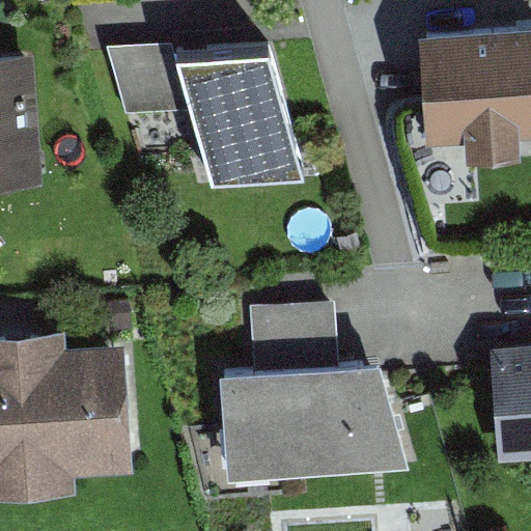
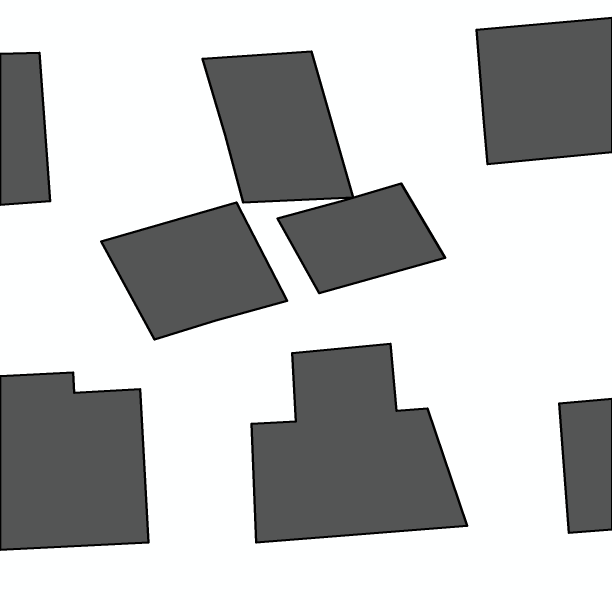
building: [109,61,195,132] -> none
building: none -> [277,183,445,293]
building: none -> [101,202,287,340]

